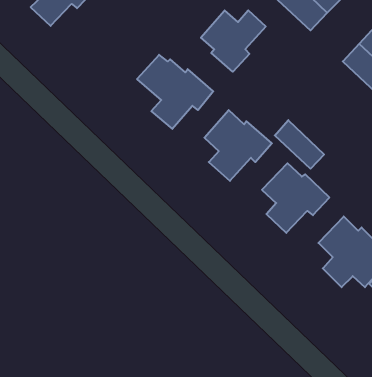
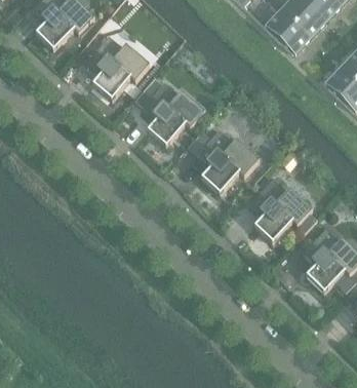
building: none -> [86,34,149,99]
building: [201,10,266,72] -> none
building: [275,120,324,169] -> none

